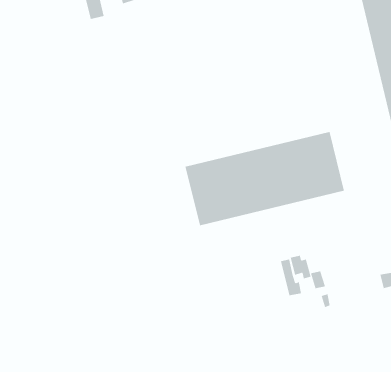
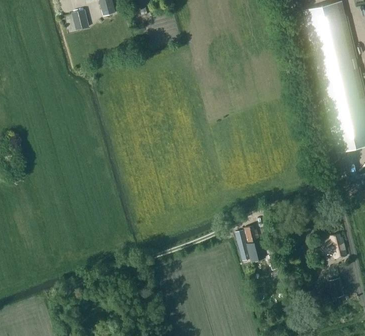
building: [185,131,345,226] -> none

